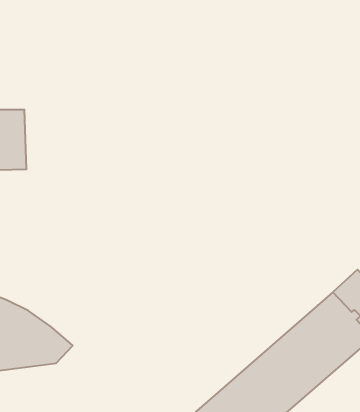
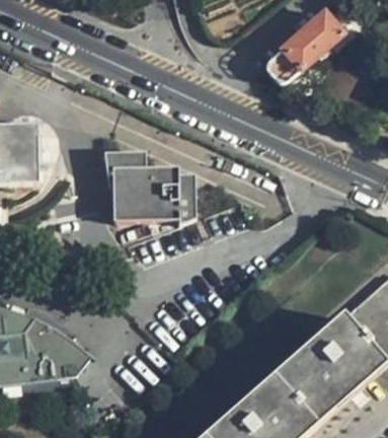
building: none -> [265,12,345,83]
building: none -> [102,146,192,223]

